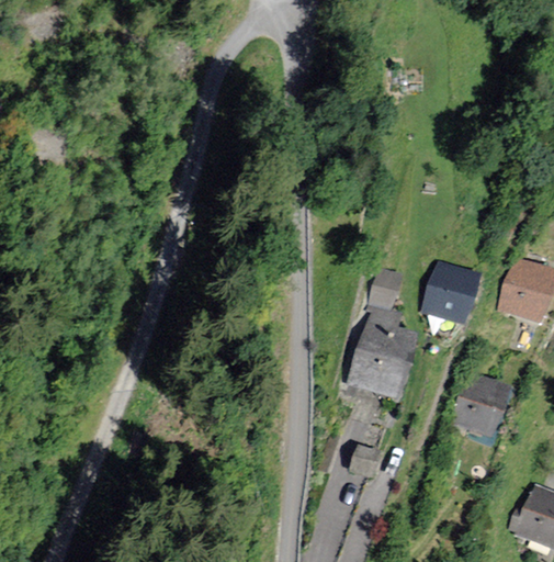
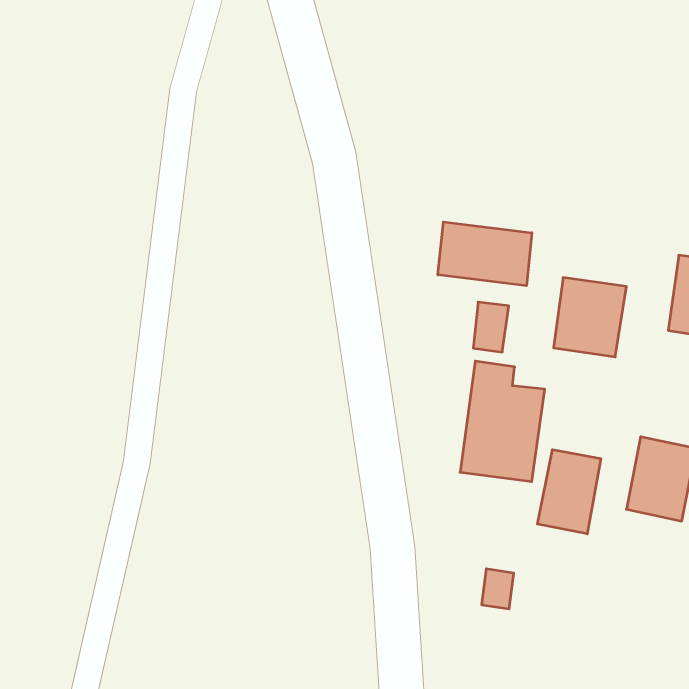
building: none -> [438,222,532,286]
building: none -> [537,450,601,534]

